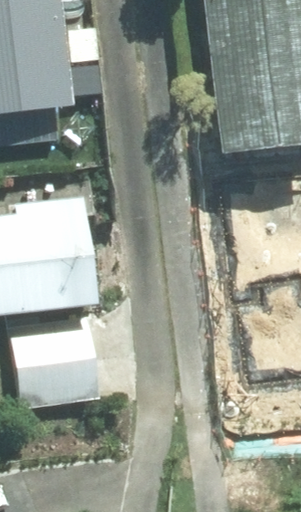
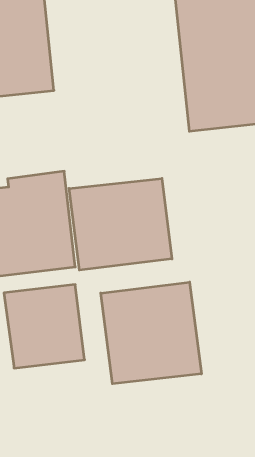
building: none -> [69,178,172,270]
building: none -> [101,282,201,384]

